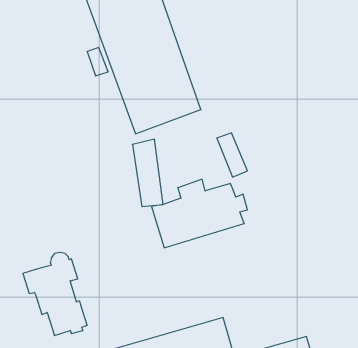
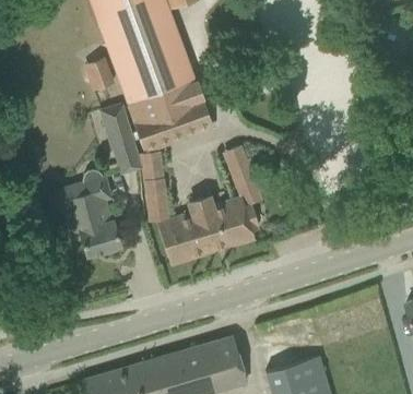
building: none -> [99,105,142,174]
building: [23,252,87,336] -> [56,170,122,256]

